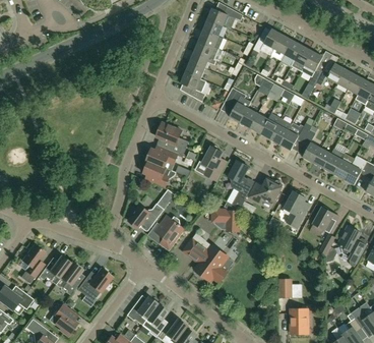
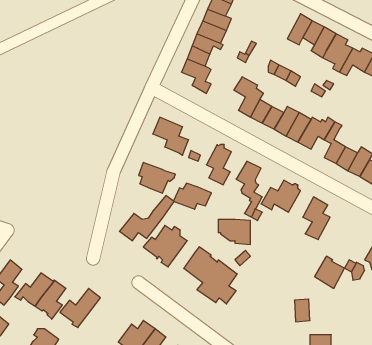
building: [253,28,283,55] -> none
building: [146,145,179,167] -> [173,183,211,209]
building: [314,206,339,233] -> [315,256,344,288]

